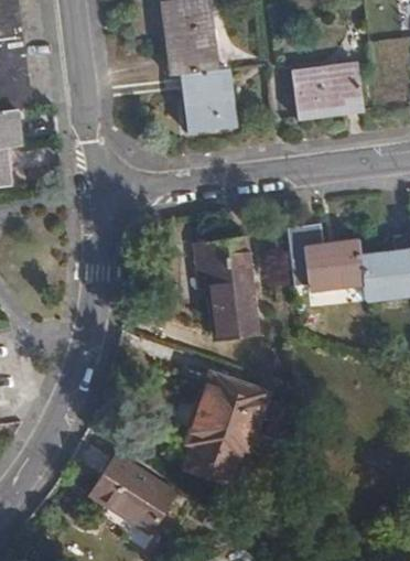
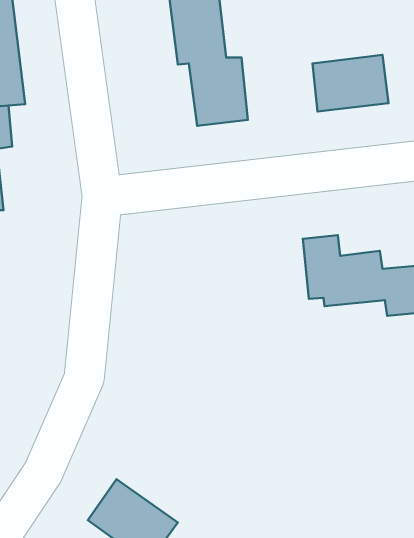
building: [190,237,257,343] -> none
building: [184,376,265,483] -> none

